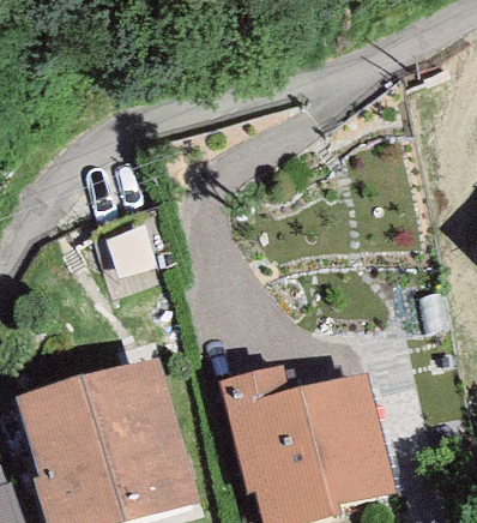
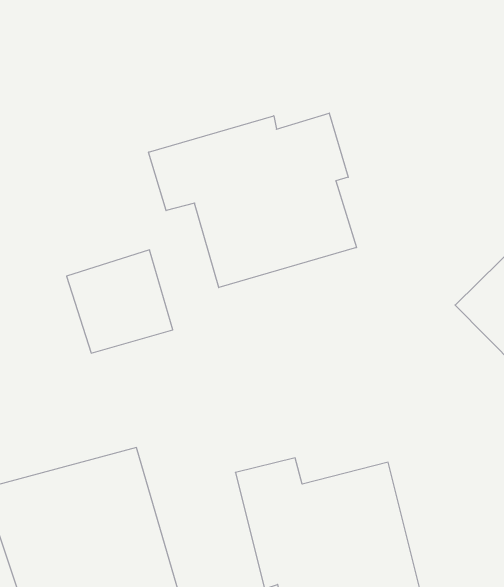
building: none -> [149,113,356,288]

